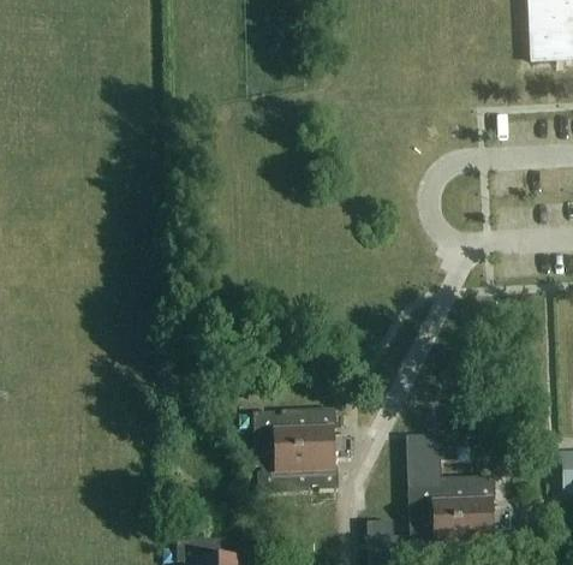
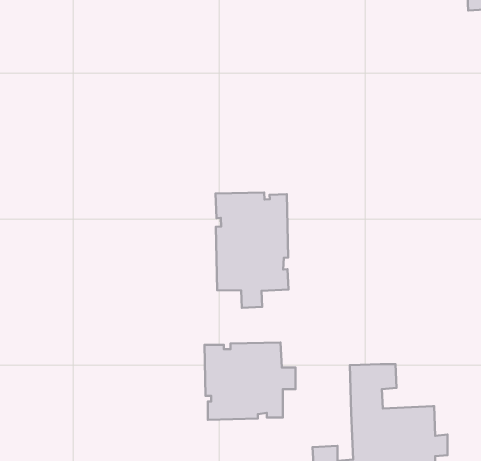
building: none -> [216,192,288,308]

